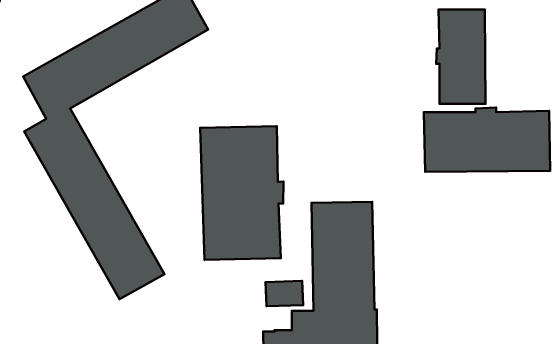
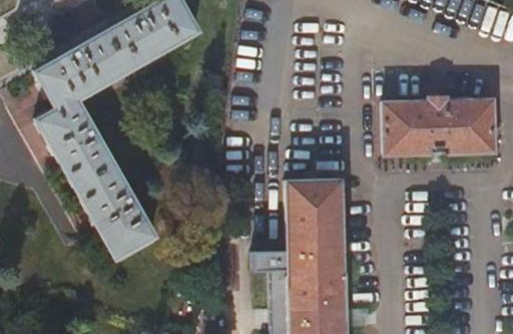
building: [436,9,486,104] -> none
building: [200,126,284,260] -> none

